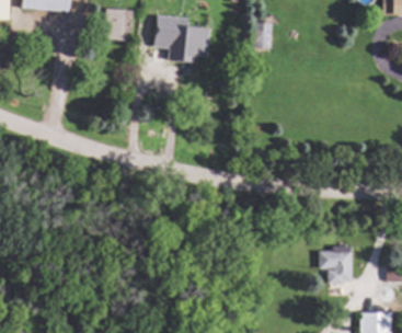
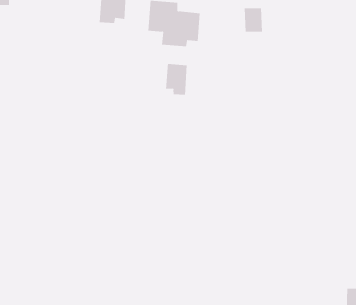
building: none -> [165,63,187,96]
building: [319,245,354,283] -> none

